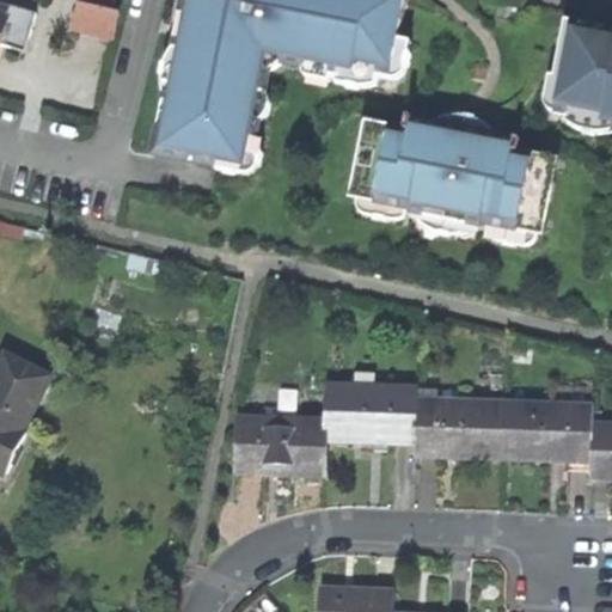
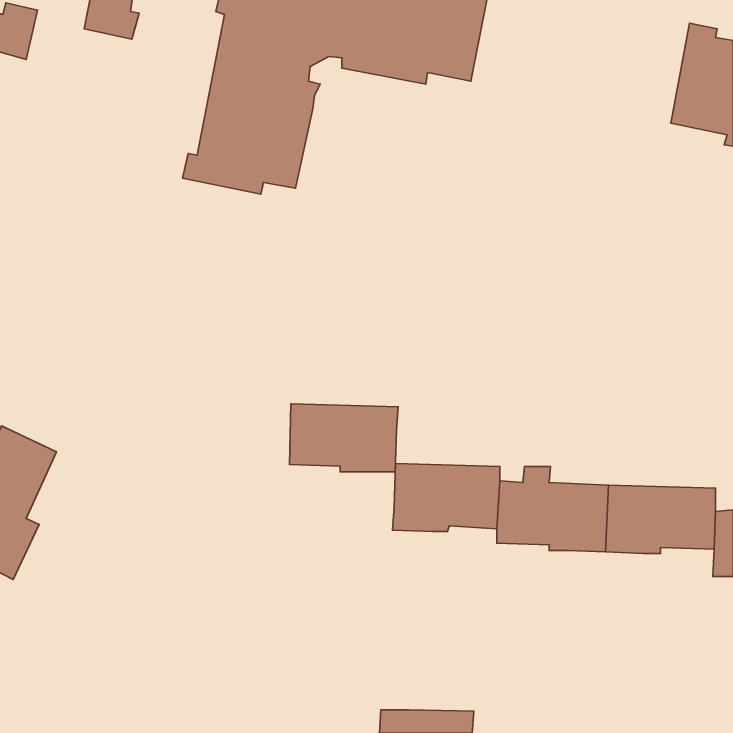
building: [354,116,550,230] -> none
building: [235,416,325,472] -> [289,404,398,472]

